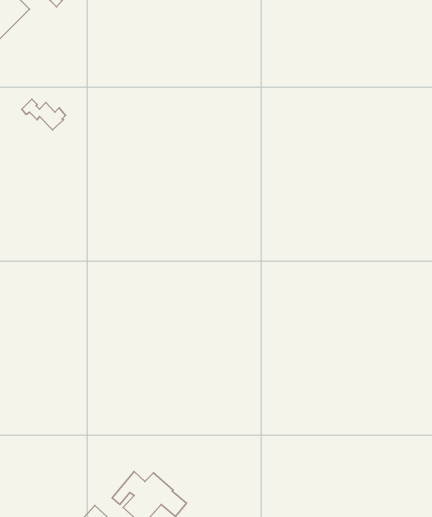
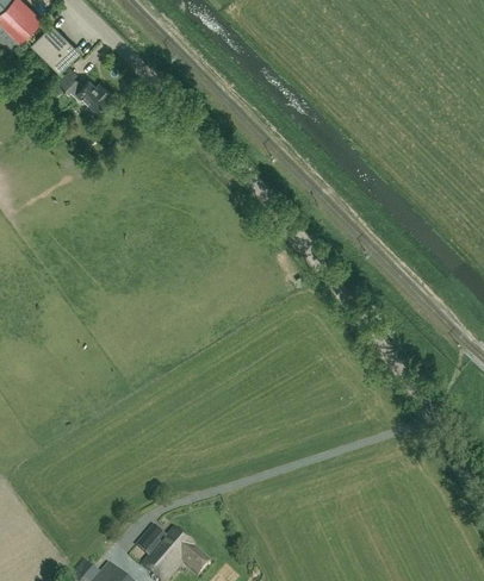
building: none -> [30,24,77,71]
building: [22,99,66,130] -> [62,75,110,108]

